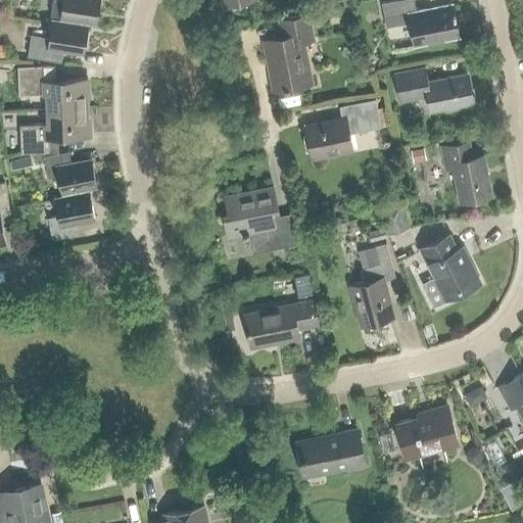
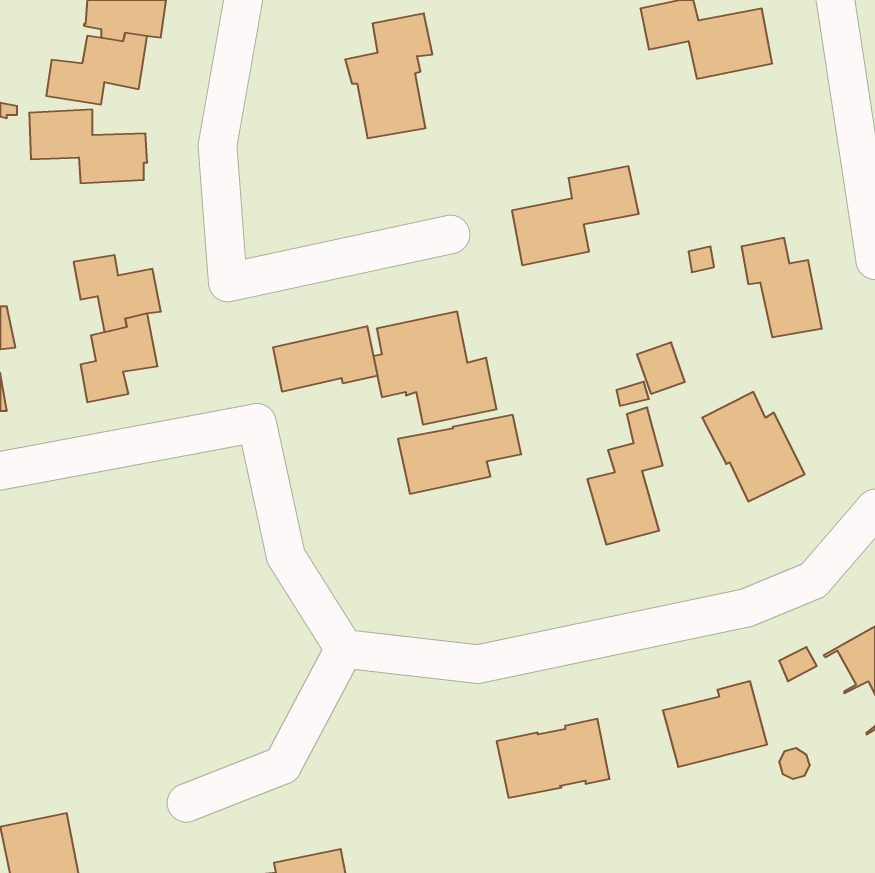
building: [262,16,314,91] -> [345,13,432,138]
building: [394,68,472,112] -> none
building: [19,108,89,154] -> none
building: none -> [273,326,377,392]
building: [244,301,318,348] -> [398,415,521,494]

